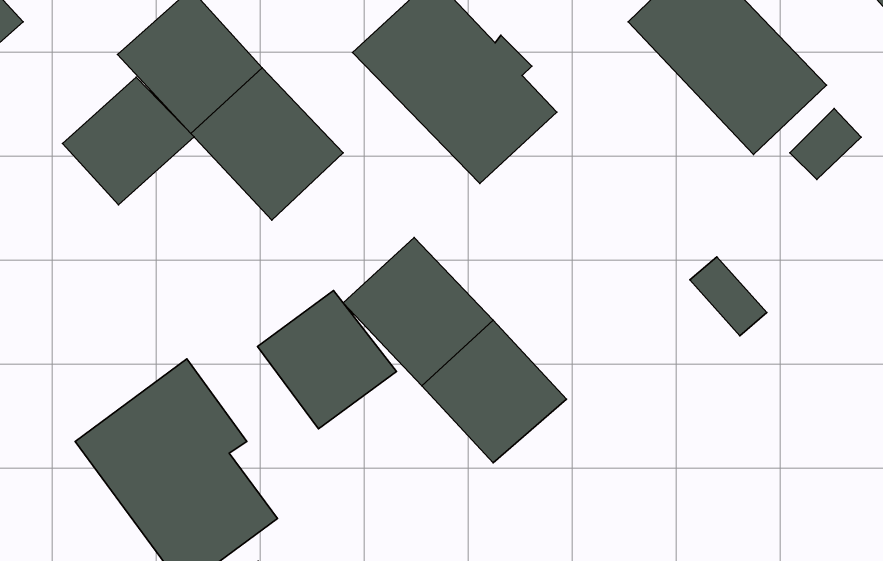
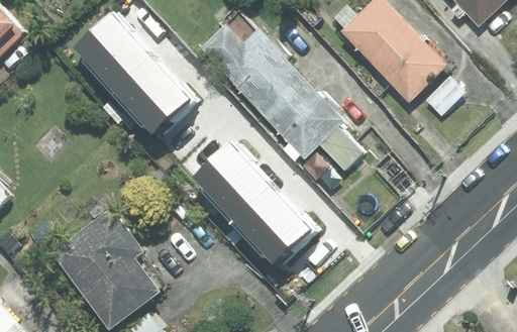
building: [63,77,194,205] -> none
building: none -> [264,79,363,170]
building: [258,291,396,429] -> none

